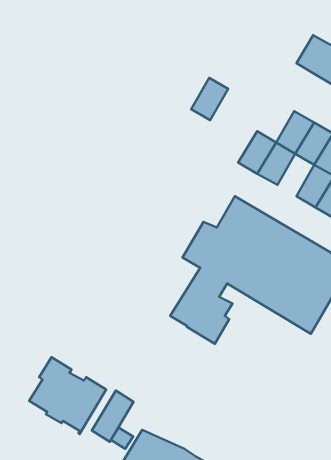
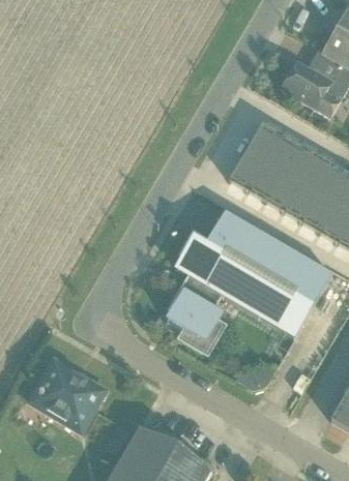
building: [191,78,228,120] -> [245,121,280,160]
building: none -> [264,171,298,210]
building: [92,391,134,442] -> none

